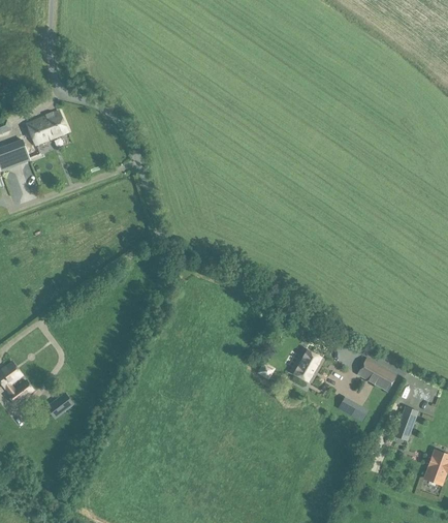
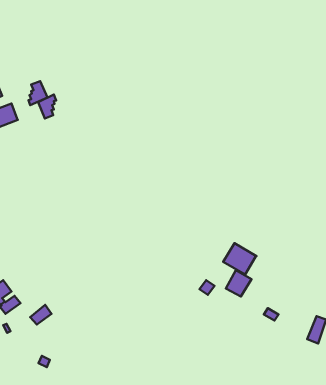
building: [28,115,51,145] -> [38,95,56,118]
building: none -> [223,243,256,275]
building: [357,358,396,391] -> none

